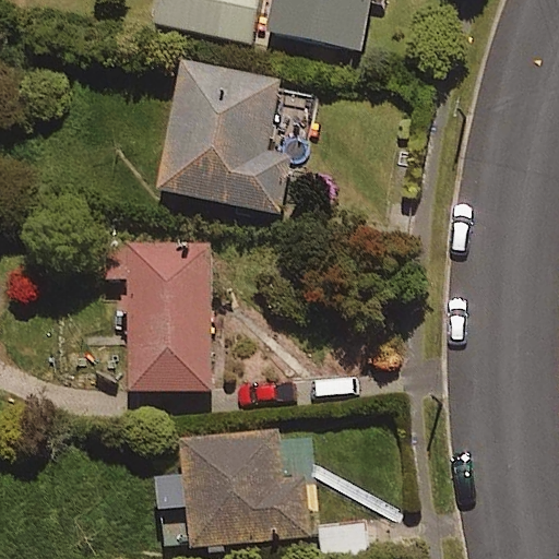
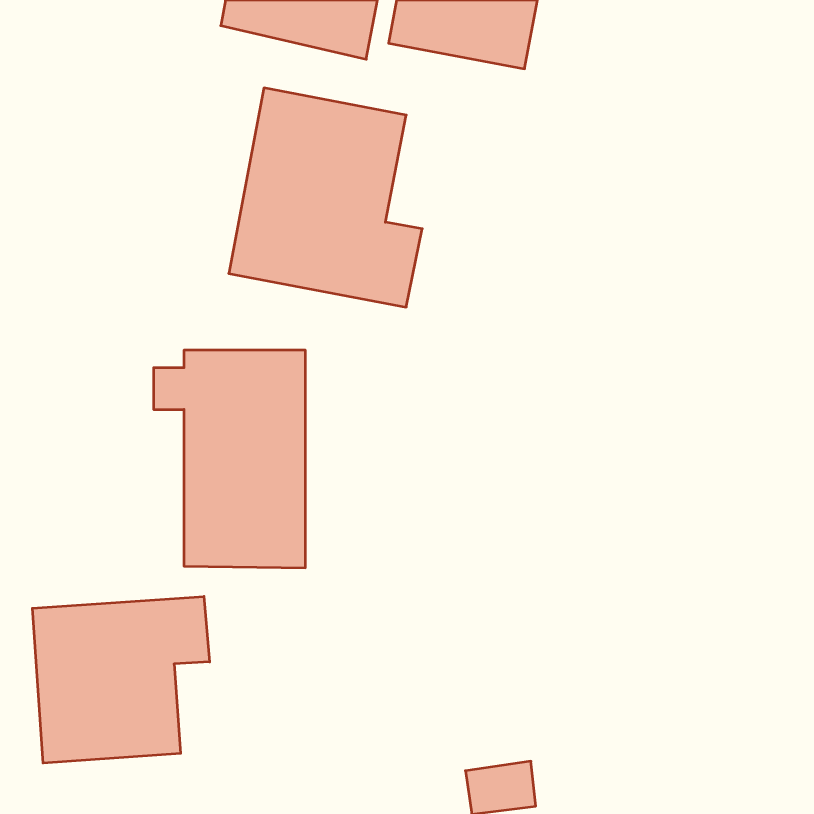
building: none -> [32,596,210,763]
building: [154,431,310,544] -> none

